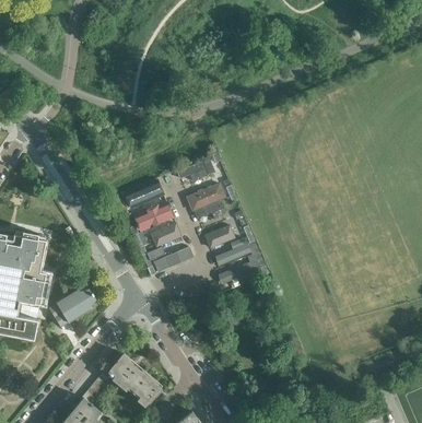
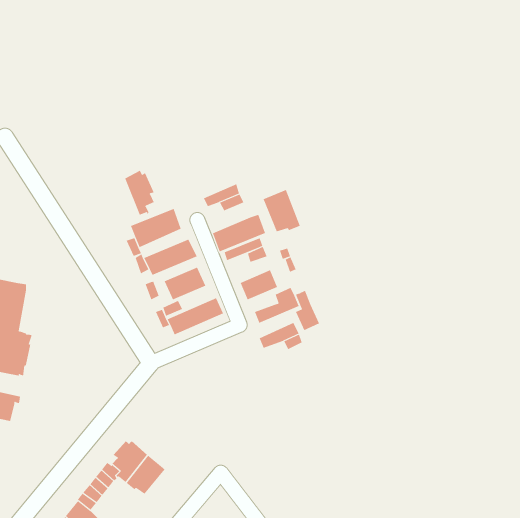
building: none -> [124,170,155,216]
building: none -> [263,189,300,232]
building: [49,289,95,324] -> none
building: [133,375,162,406] -> none

